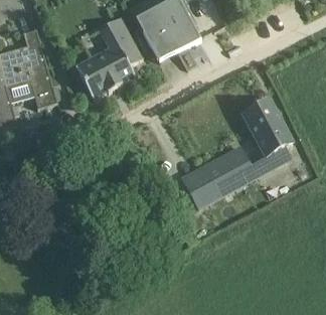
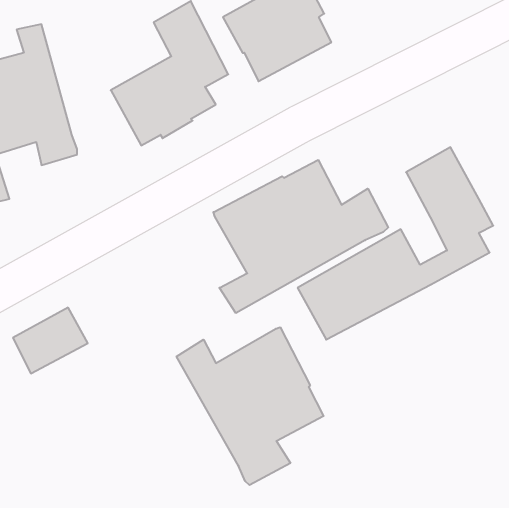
building: none -> [213,160,388,313]
building: none -> [177,327,324,485]

